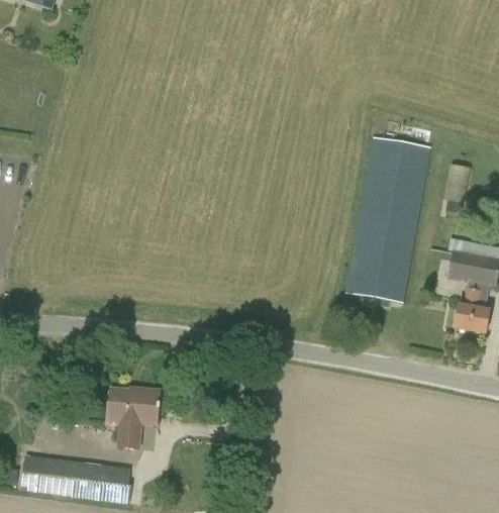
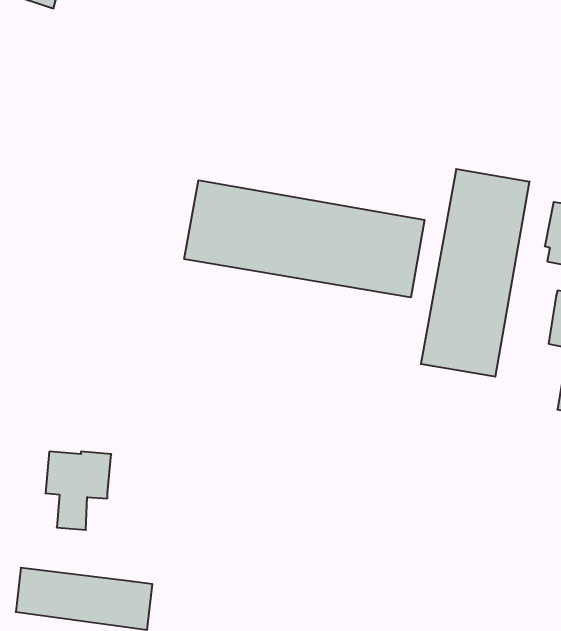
building: none -> [184,180,425,297]
building: [106,387,159,449] -> [45,452,111,530]

